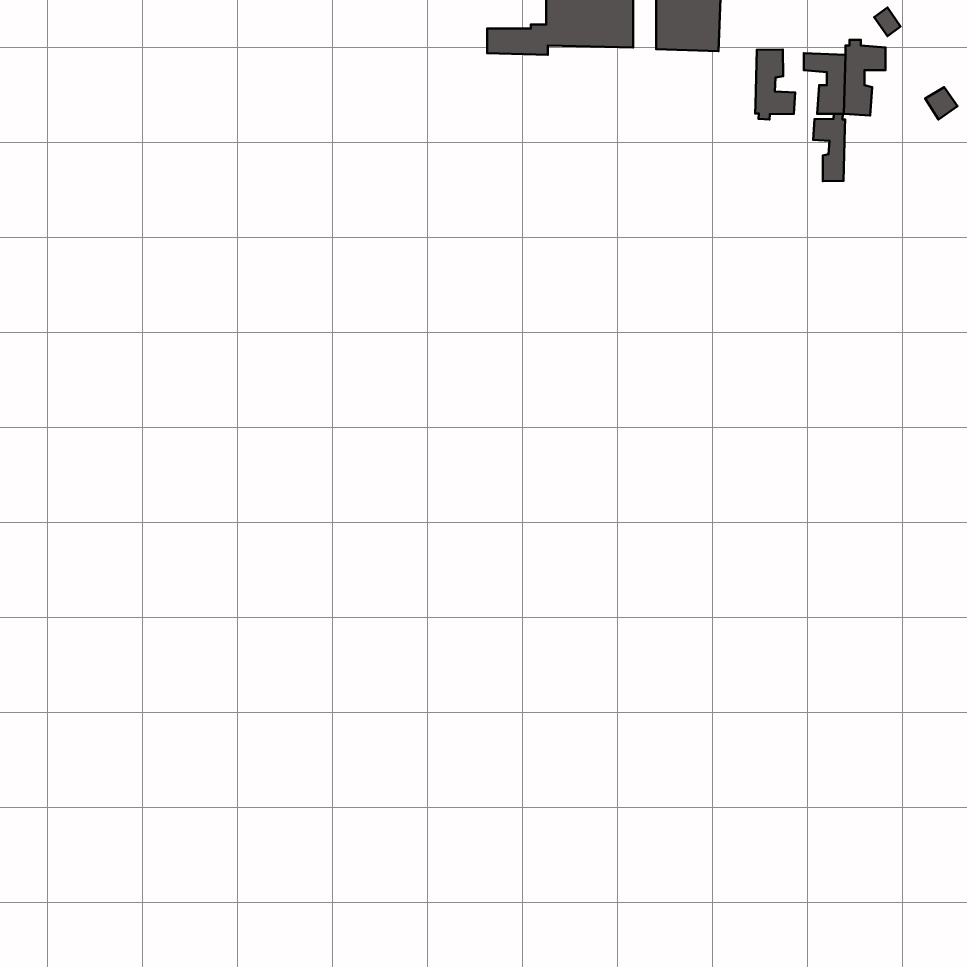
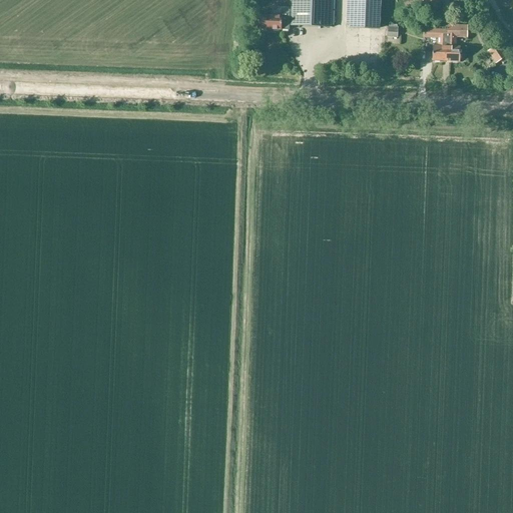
building: [755,50,795,120] -> none
building: [813,114,845,181] -> none

